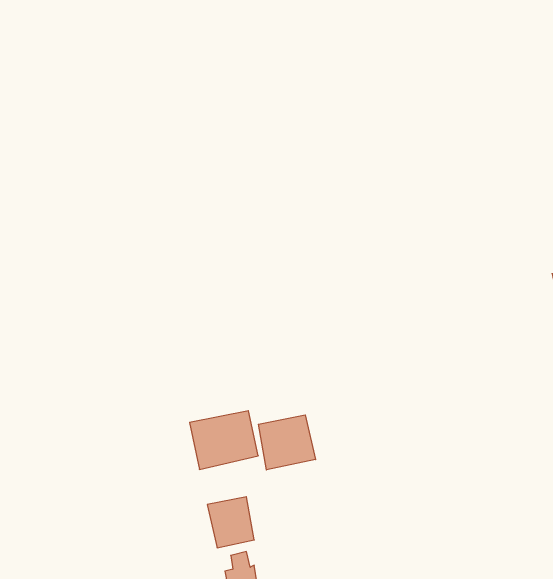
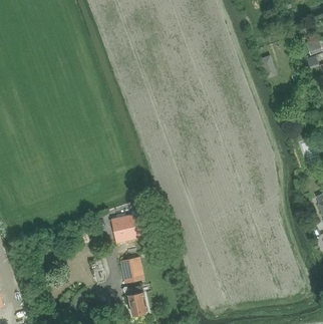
building: [258,415,316,470] -> none

